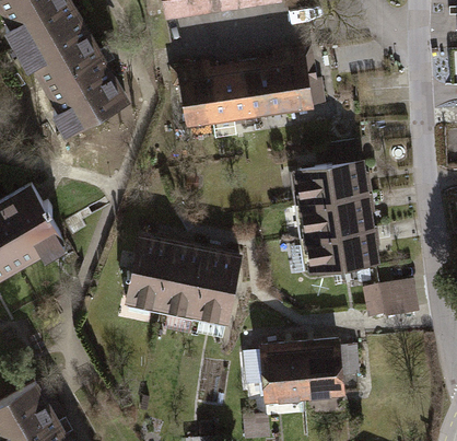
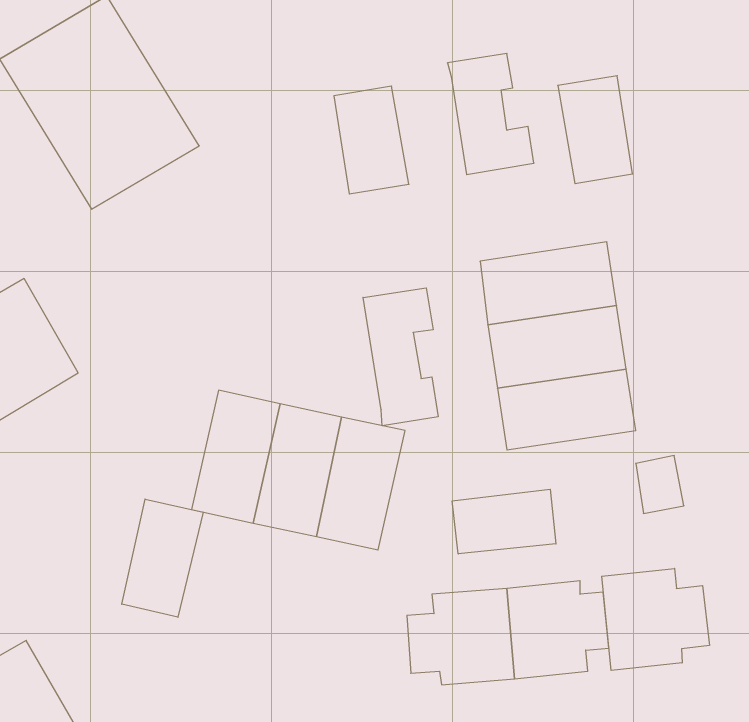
building: [242,63,284,125] -> [558,76,633,184]
building: [174,67,218,135] -> none
building: none -> [363,288,438,426]
building: none -> [452,489,556,554]
building: none -> [122,499,203,617]
building: none -> [602,568,709,670]

